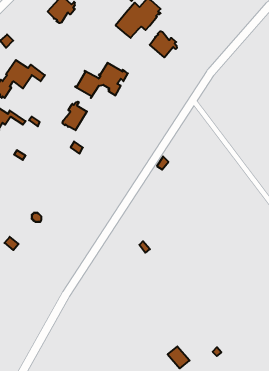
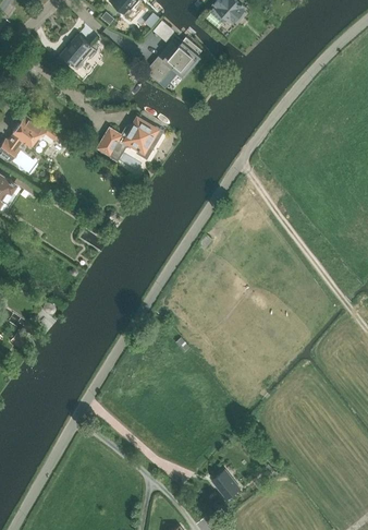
building: [150,31,177,57] -> none
building: [63,102,87,130] -> none

